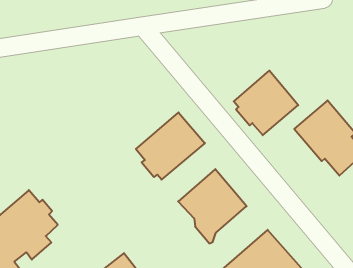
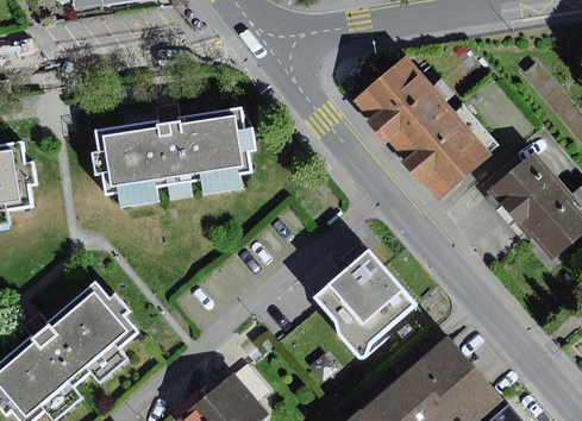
building: none -> [356,57,449,150]
building: none -> [96,108,251,194]
building: [136,112,205,180] -> none

